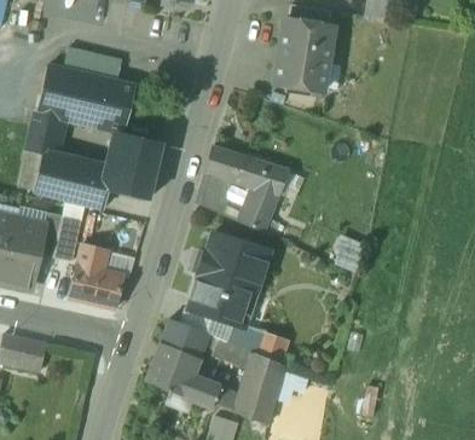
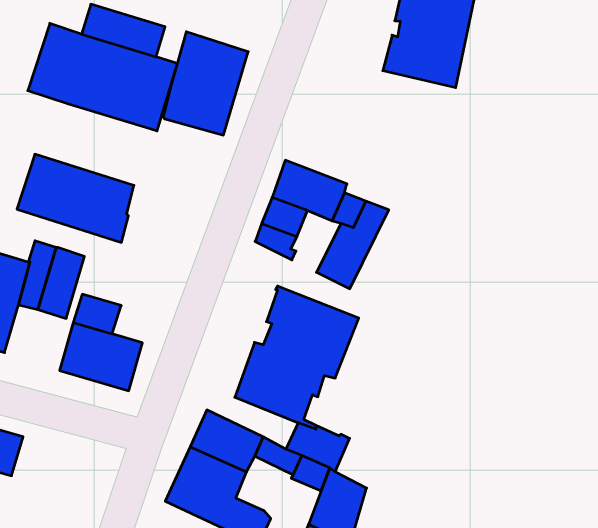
building: [30,111,64,144] -> none
building: [108,132,162,199] -> [163,32,248,135]

